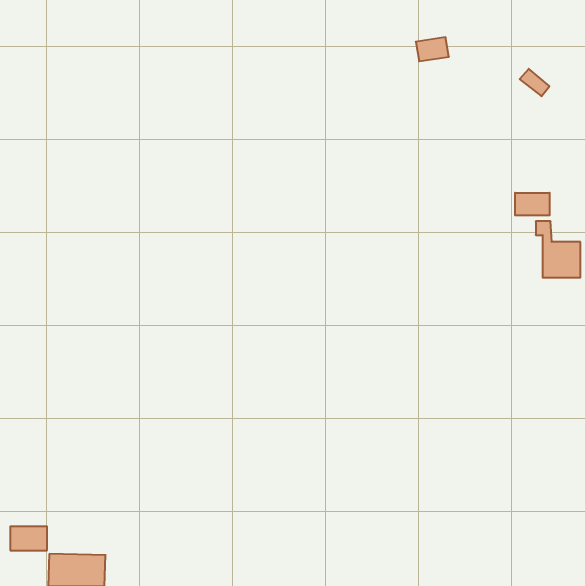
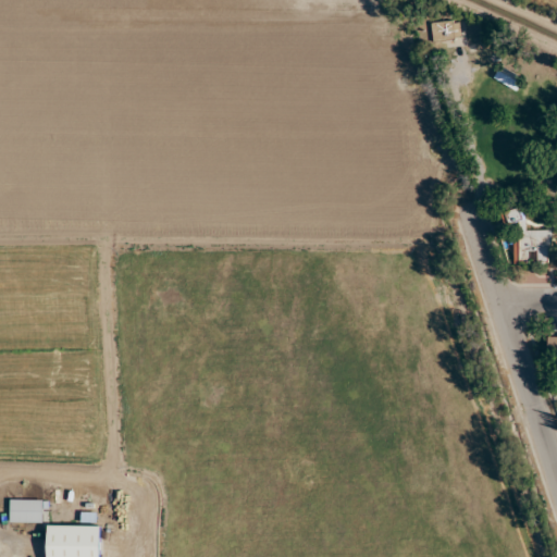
building: [416,37,449,61] -> [430,20,461,42]
building: [515,193,550,215] -> none

